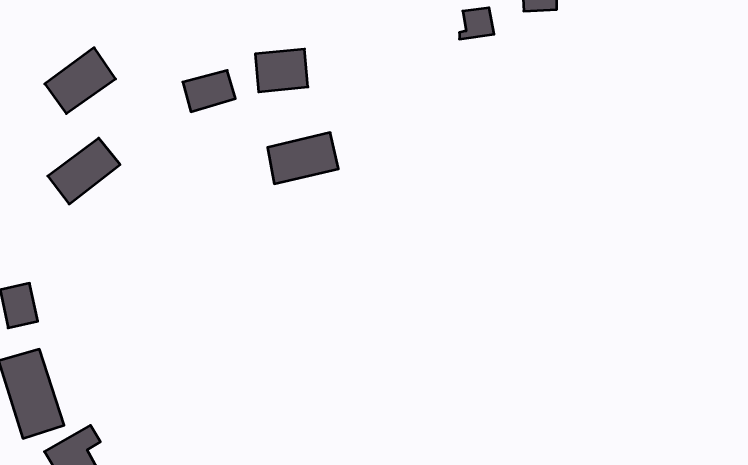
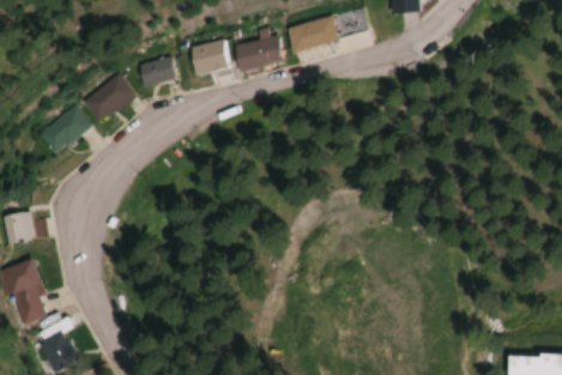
building: none -> [286,14,339,53]
building: [45,48,116,114] -> [84,73,135,121]
building: [268,133,338,184] -> [234,35,285,72]

